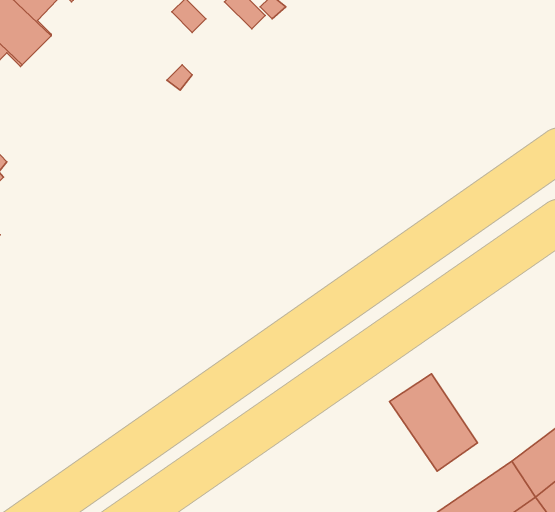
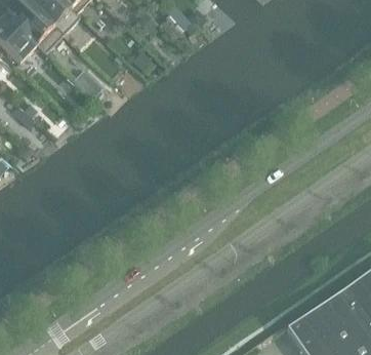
building: [390,374,477,471] -> none

